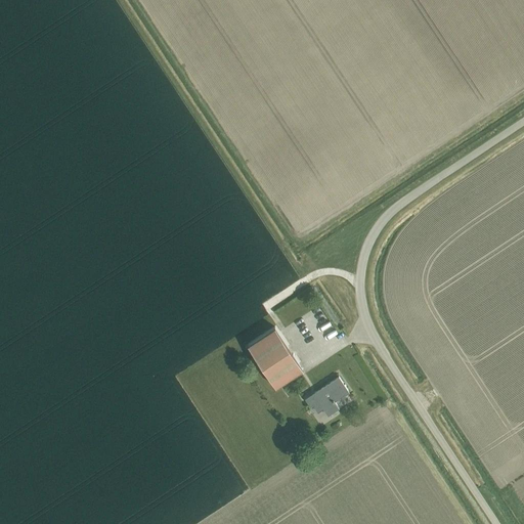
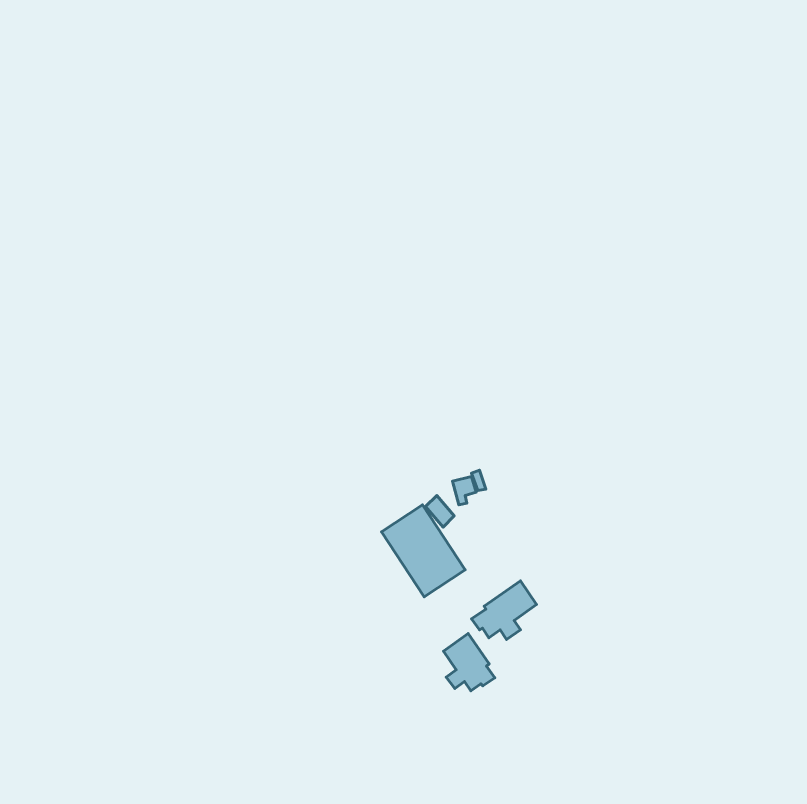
building: none -> [443,633,495,691]

